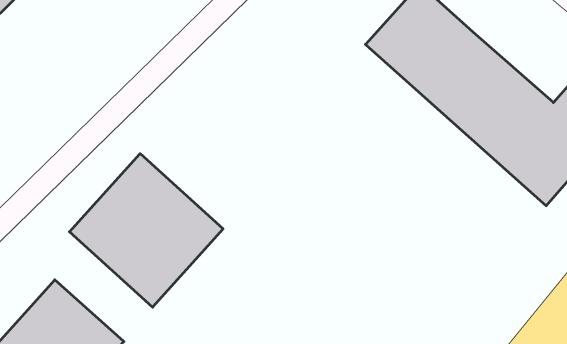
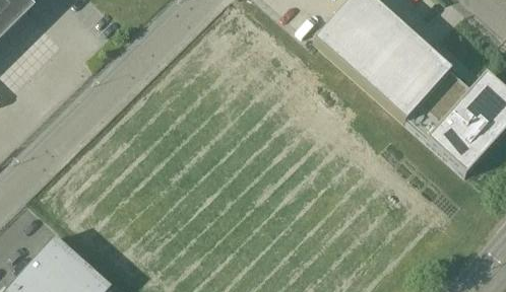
building: [69,154,223,307] -> none

